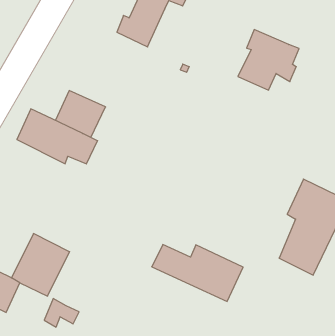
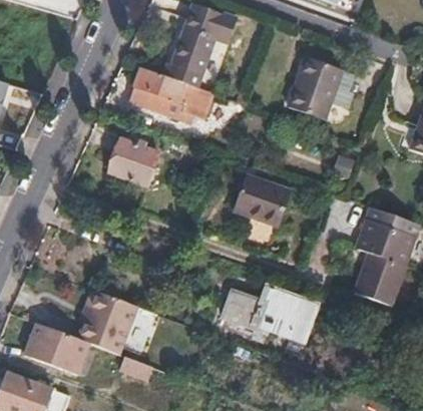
building: [17,109,98,164] -> [128,66,212,119]
building: none -> [230,177,289,227]

